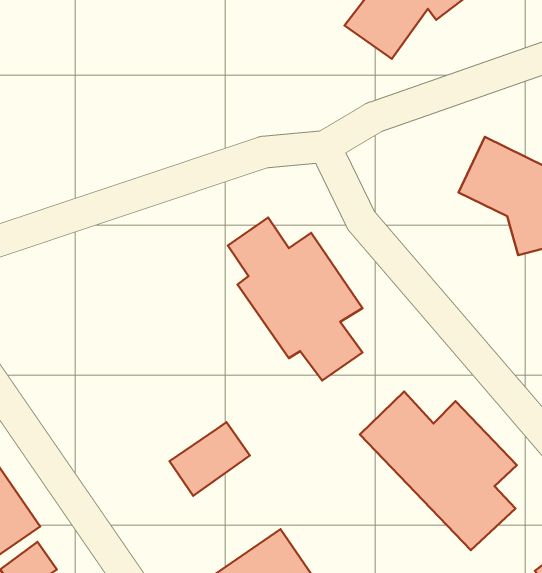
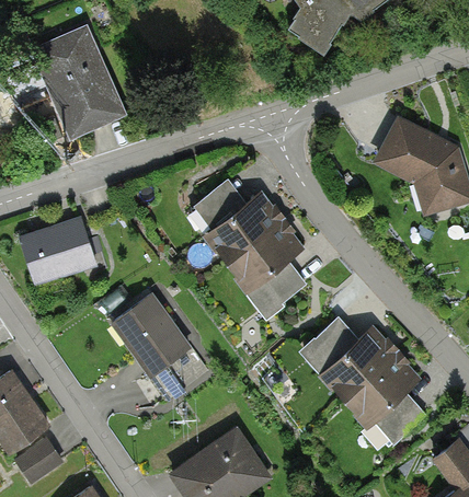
building: none -> [30,26,125,139]
building: none -> [21,219,92,282]
building: none -> [113,293,186,372]

